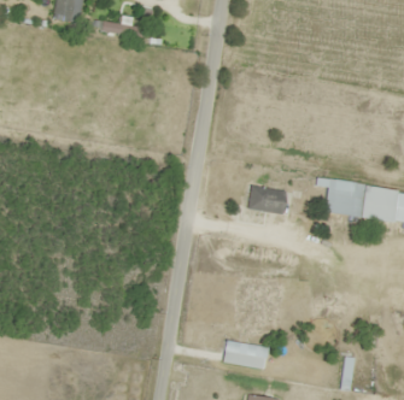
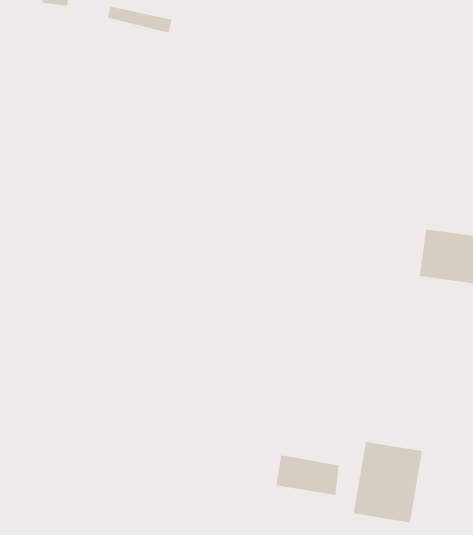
building: [247,186,288,214] -> none
building: none -> [353,441,422,523]

